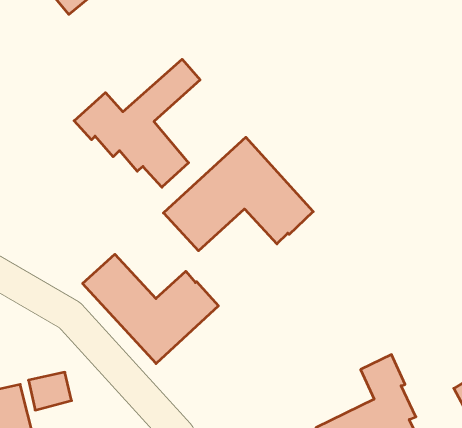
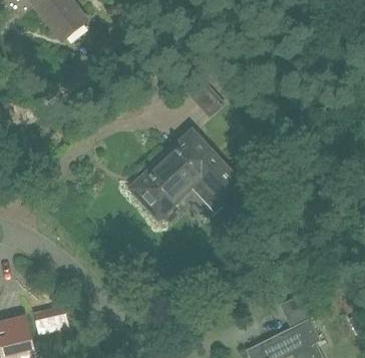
building: [74,59,200,187] -> none
building: [83,254,218,364] -> none

